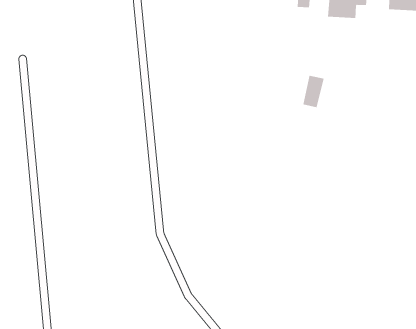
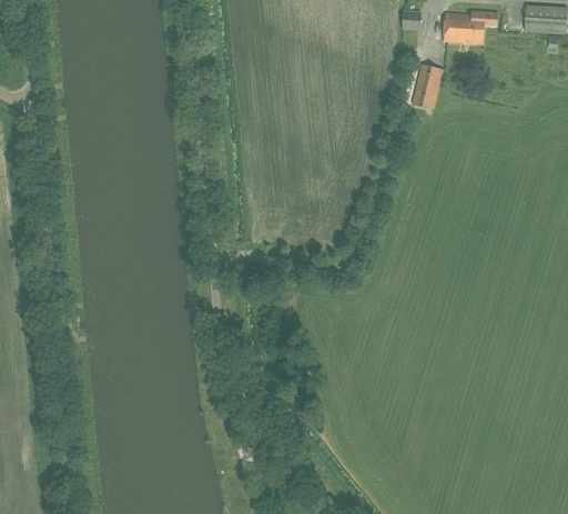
building: [302,75,325,108] -> [413,62,443,107]

